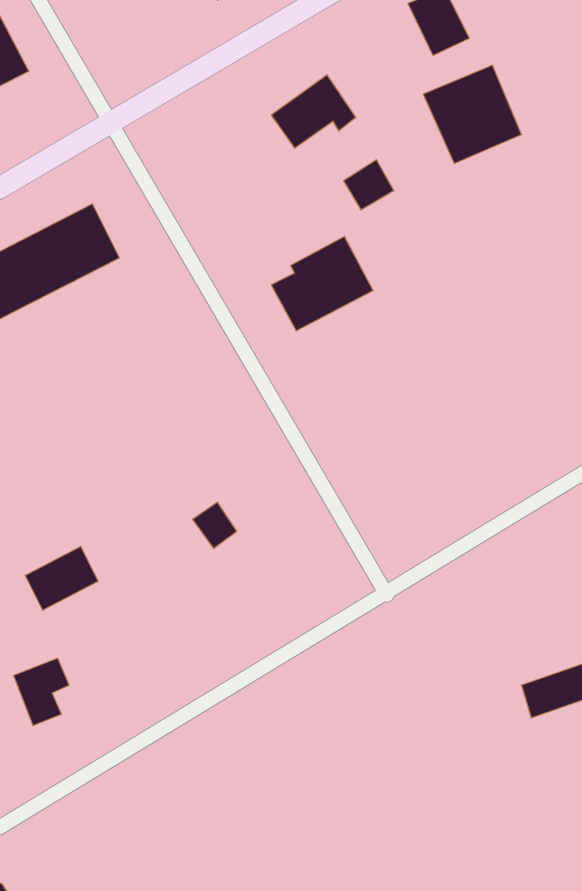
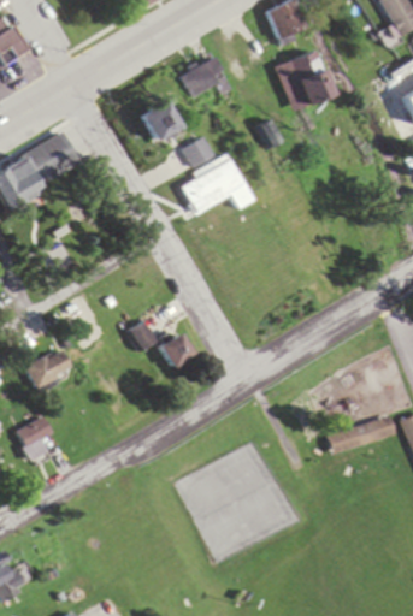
building: none -> [134,103,173,143]
building: [344,160,394,210] -> [178,137,210,168]
building: none -> [158,334,193,371]

